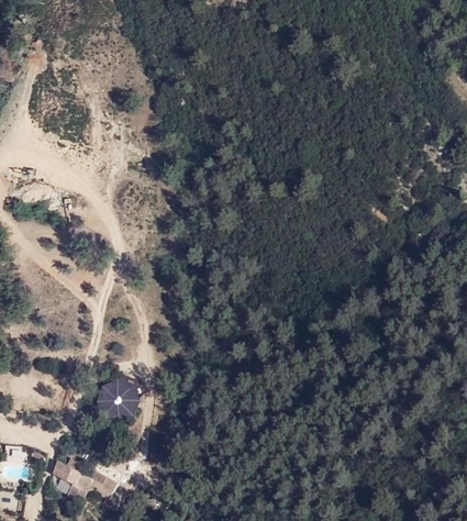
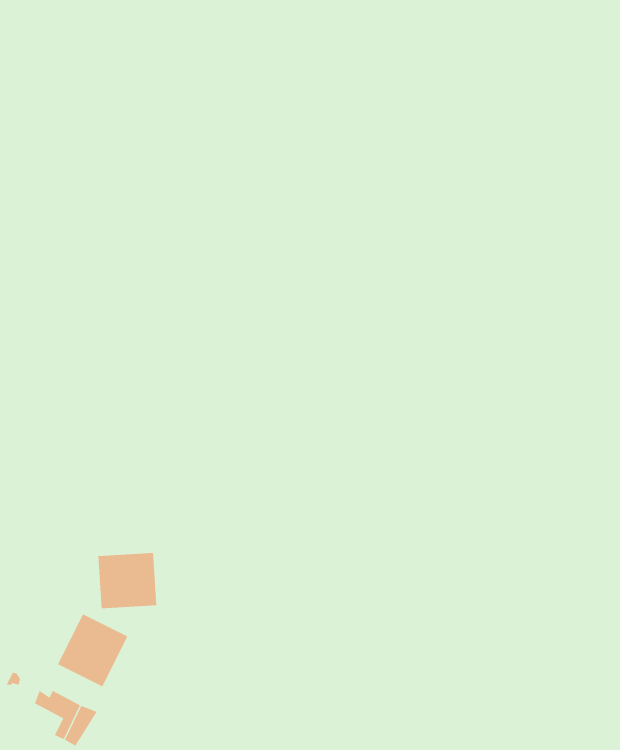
building: none -> [57,613,128,687]

